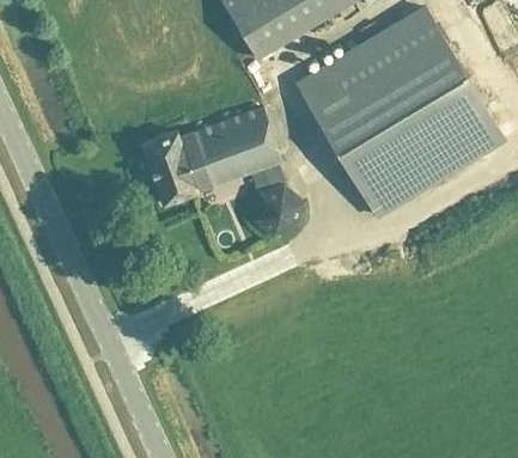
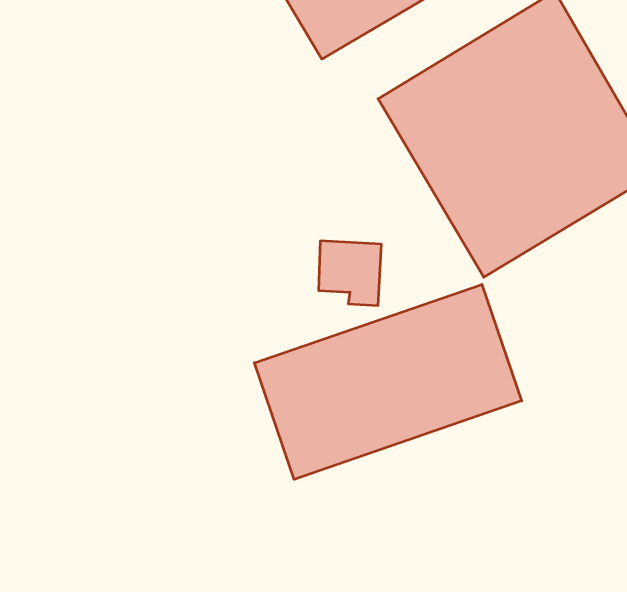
building: [140,108,280,204] -> none
building: none -> [254,284,522,479]

